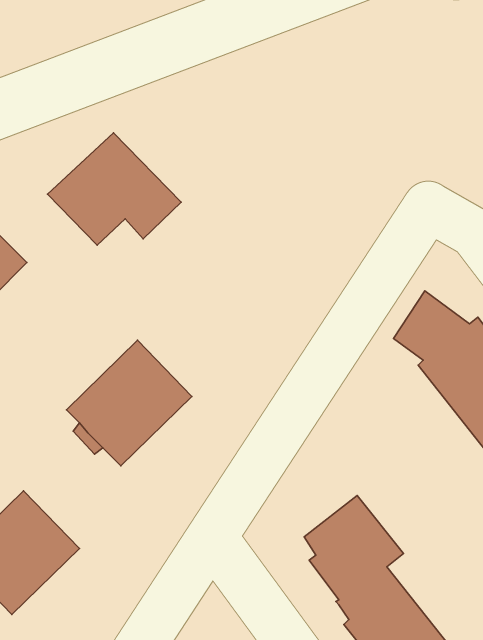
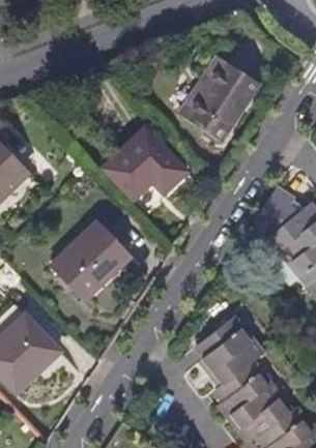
building: none -> [180,55,259,141]
building: [48,133,181,245] -> [104,127,188,198]

